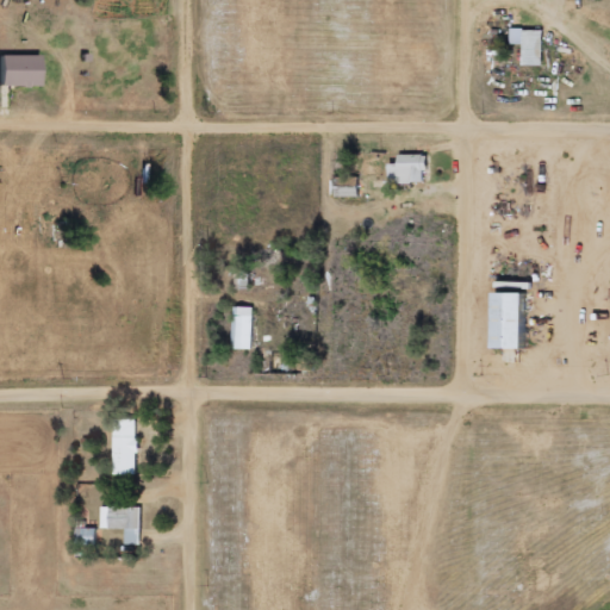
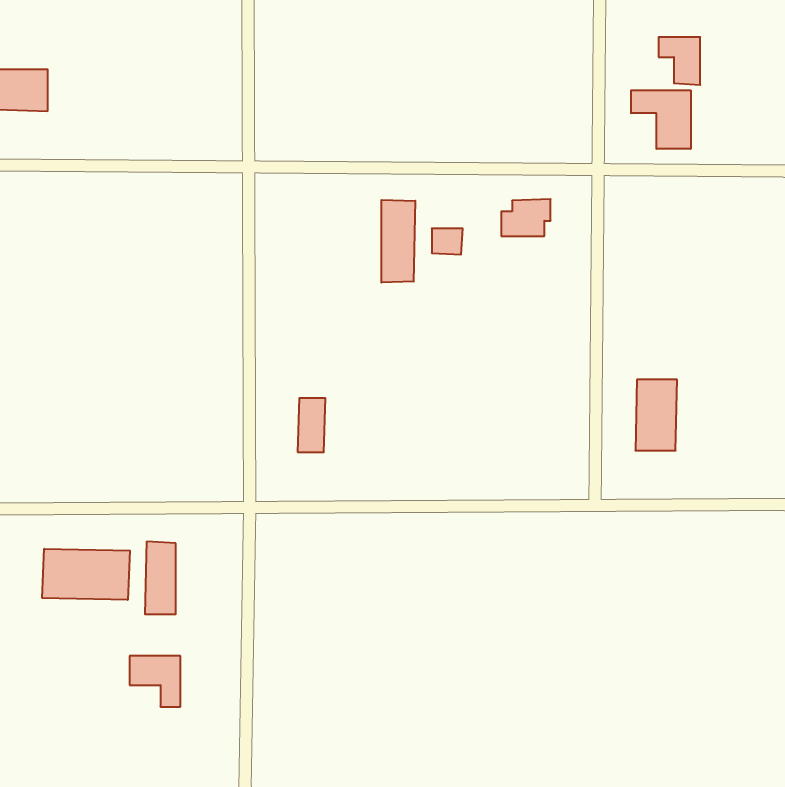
building: none -> [631,90,691,149]
building: none -> [381,200,415,283]
building: none -> [42,549,130,600]

